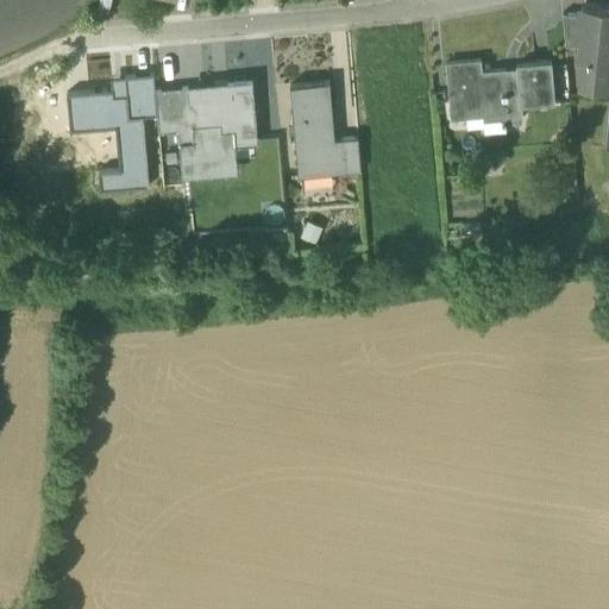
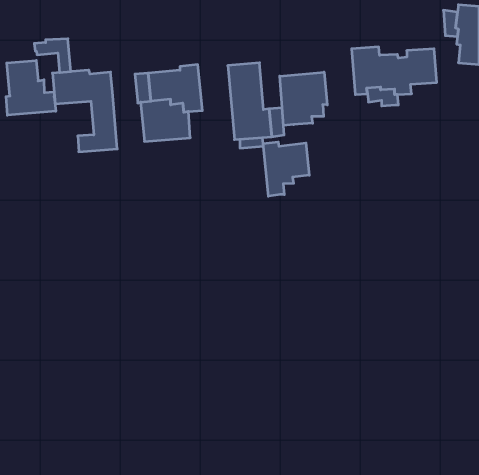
building: [111,74,157,117] -> [34,39,71,73]
building: none -> [6,60,56,115]
building: none -> [280,72,327,125]
building: none -> [263,142,309,196]

